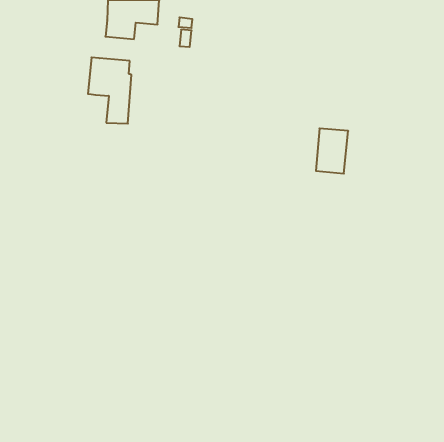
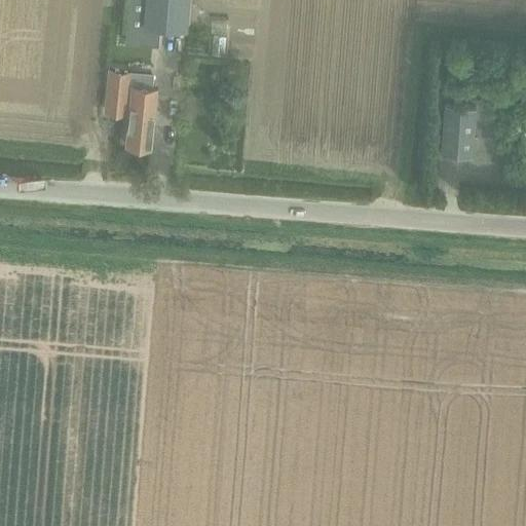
building: [316,128,348,174] -> [440,107,478,160]

